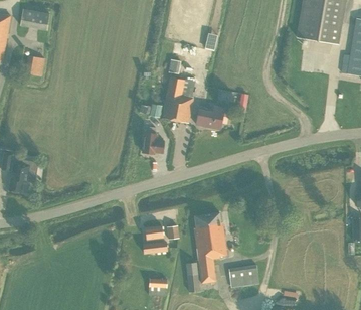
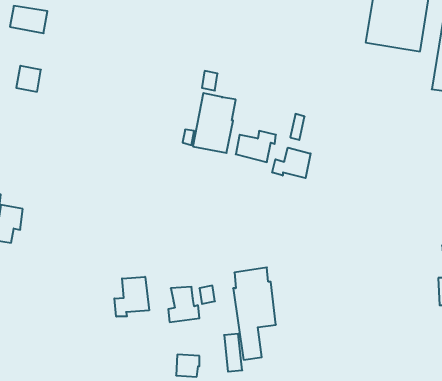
building: none -> [272,148,311,178]
building: [142,126,164,153] -> none
building: none -> [114,277,149,317]
building: [229,264,259,287] -> none

